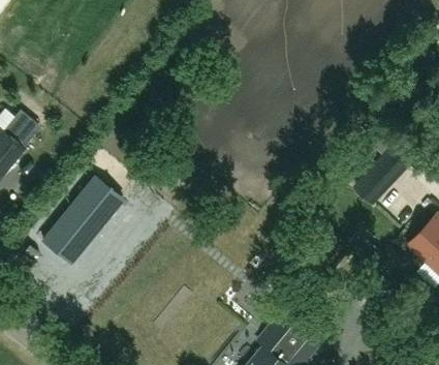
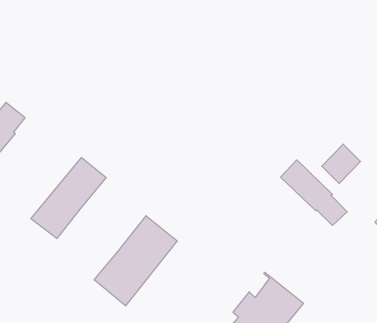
building: none -> [281,160,347,225]
building: none -> [94,216,177,306]

